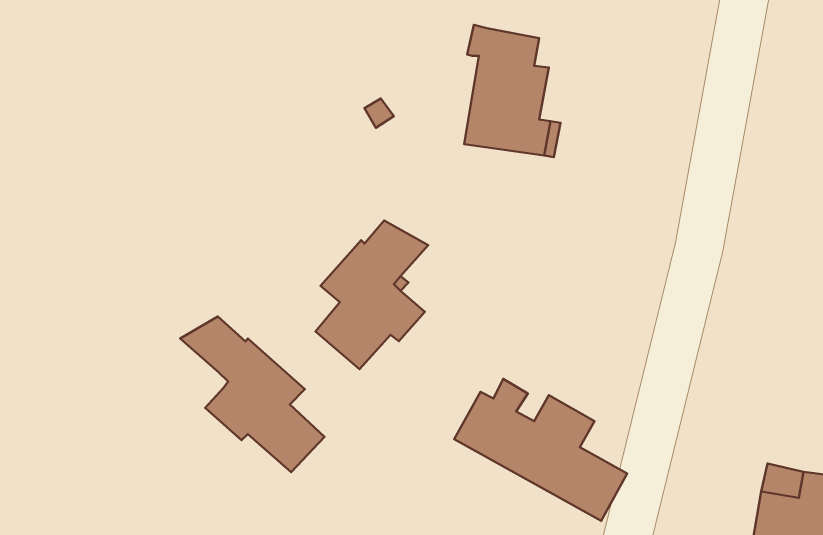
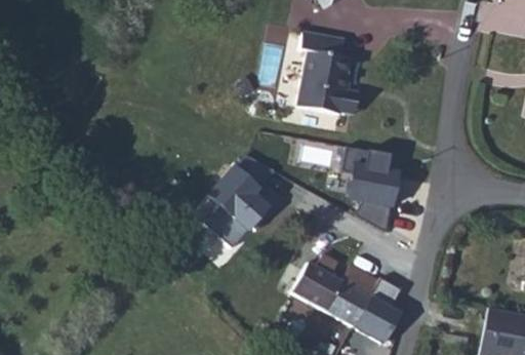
building: none -> [340,148,400,233]
building: [180,316,325,472] -> none

